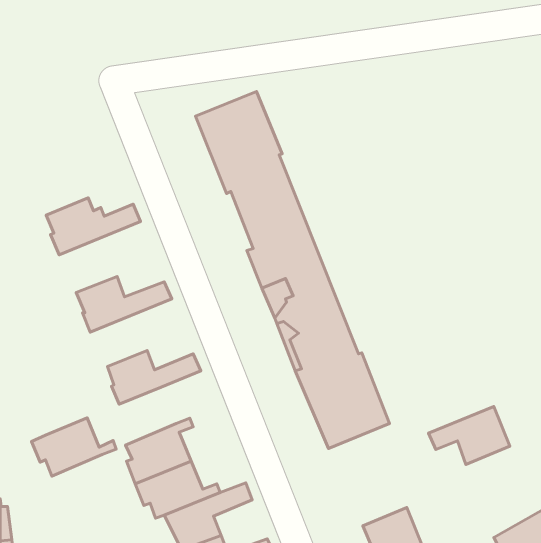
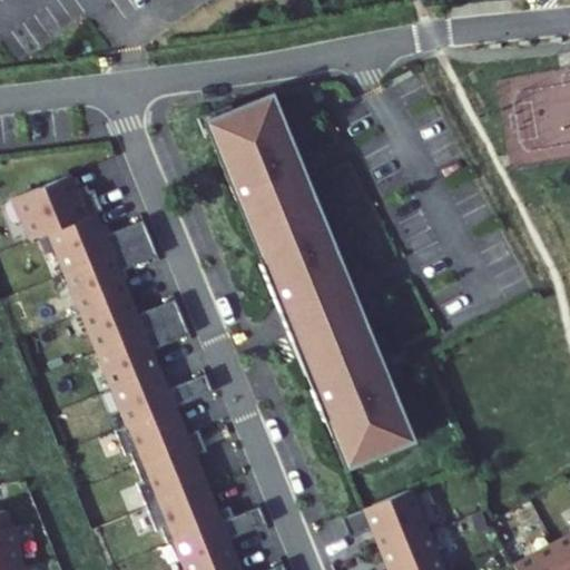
building: none -> [22,174,108,236]
building: none -> [69,236,161,309]
building: none -> [101,316,193,386]
building: [428,406,510,464] -> [345,491,430,551]
building: [31,418,116,476] -> [117,407,205,468]

